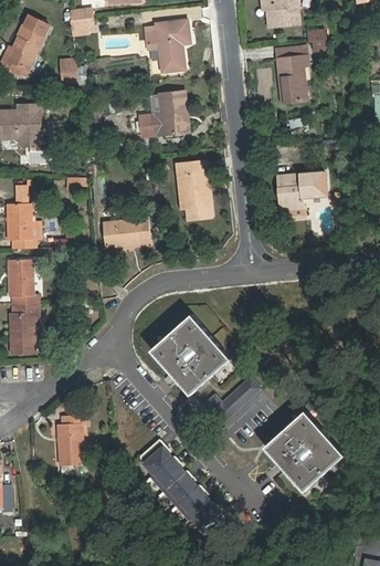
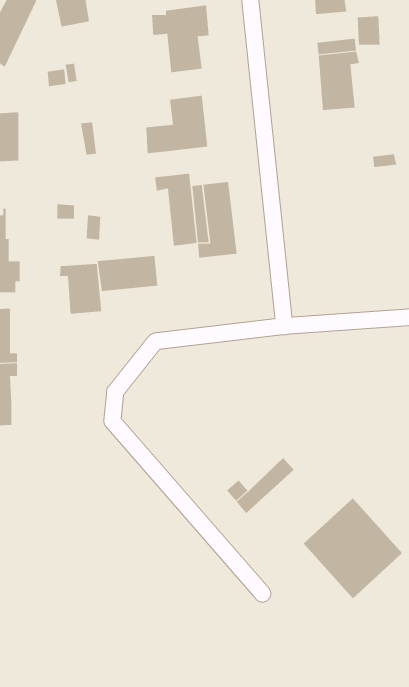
building: none -> [155,173,197,246]
building: [275,171,326,221] -> none
building: none -> [59,263,102,315]
building: [150,314,230,394] -> none
building: [57,416,84,472] -> none
building: [139,438,224,533] -> none

